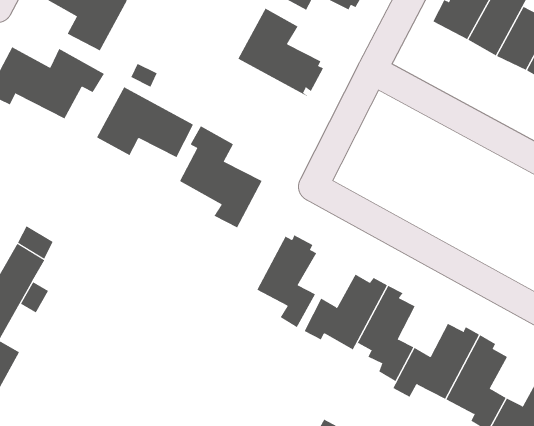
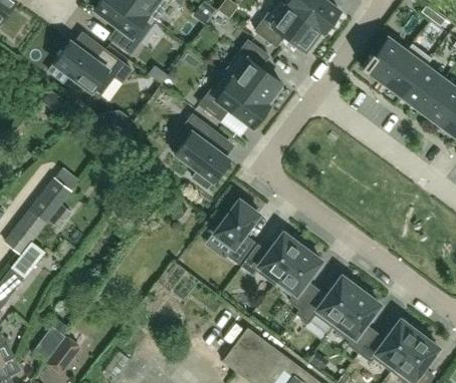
building: [96,87,194,158] -> [200,72,268,126]

